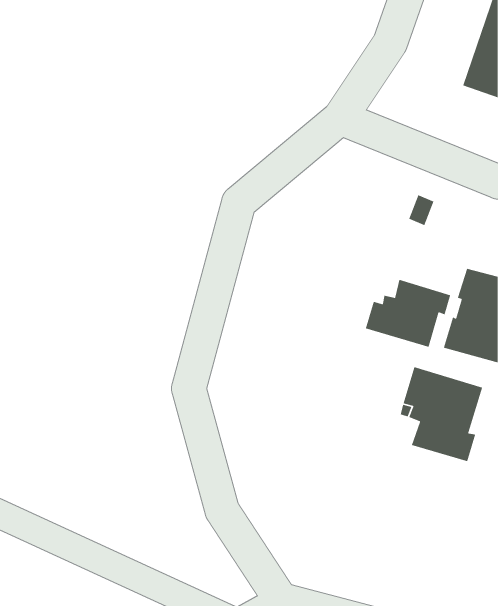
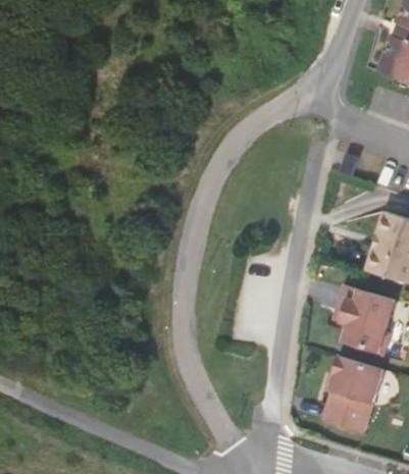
building: [365,279,451,348] -> none
building: none -> [324,356,384,433]

